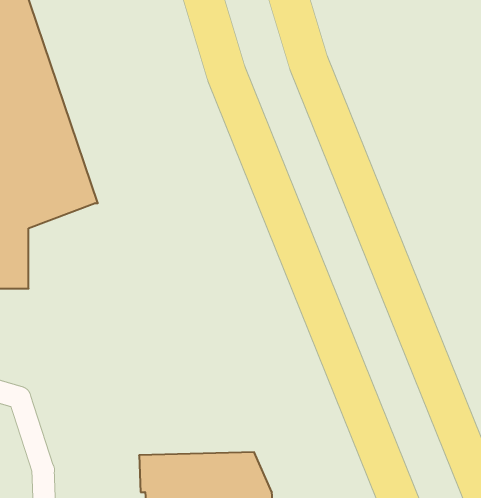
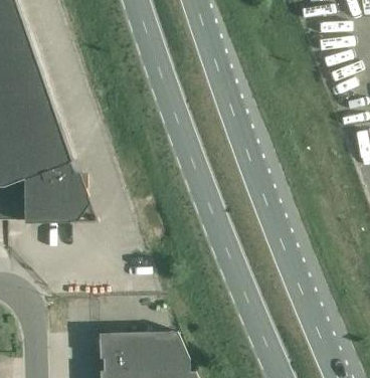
building: none -> [22,162,87,222]

